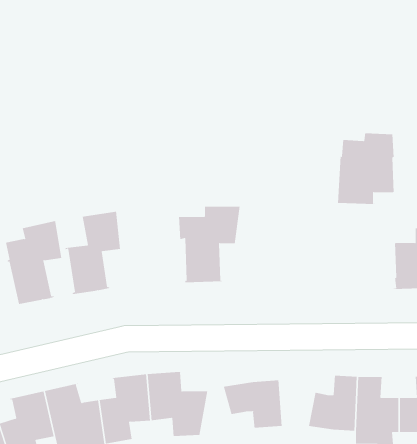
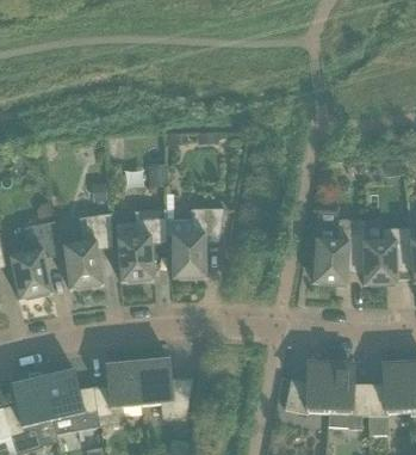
building: [337,133,395,204] -> [312,217,365,283]
building: none -> [114,208,167,281]
building: [223,379,282,429] -> none

